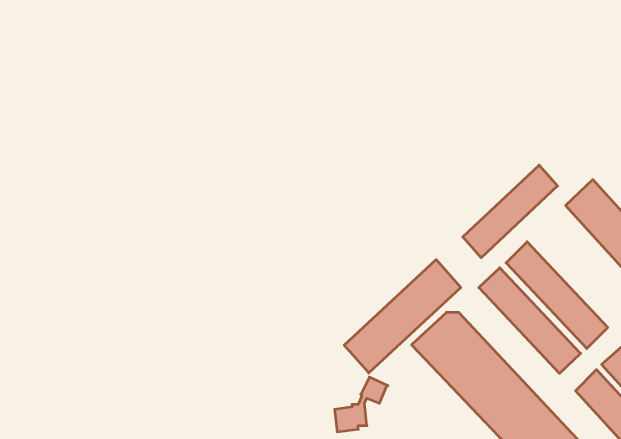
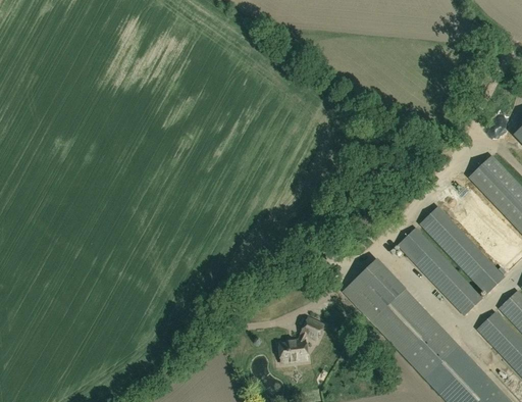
building: [463,165,558,258] -> none
building: [344,260,461,373] -> none

